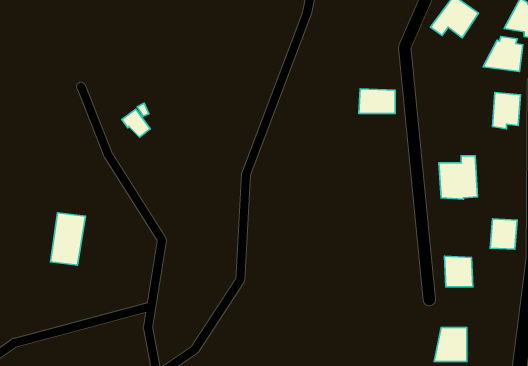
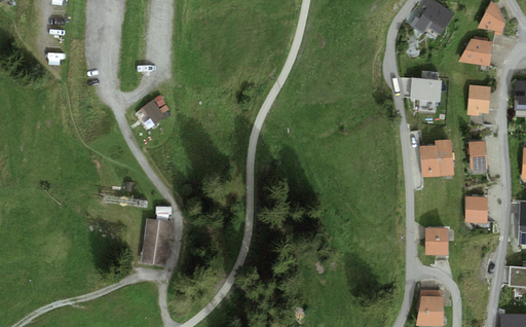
building: [359,89,395,113] -> [409,76,441,98]
building: none -> [469,142,487,169]
building: [50,213,86,265] -> [141,216,172,262]

